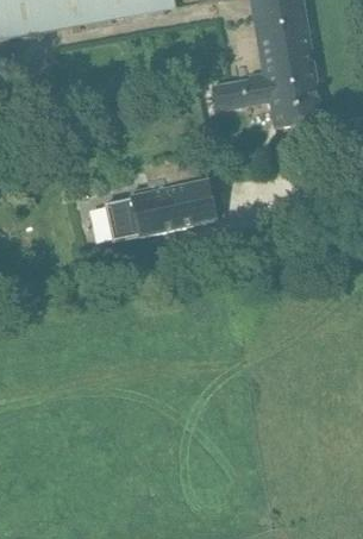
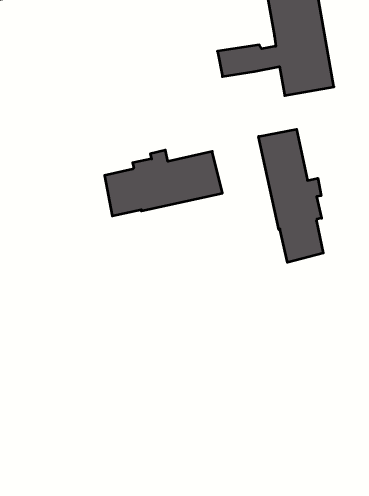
building: none -> [259,129,323,262]

